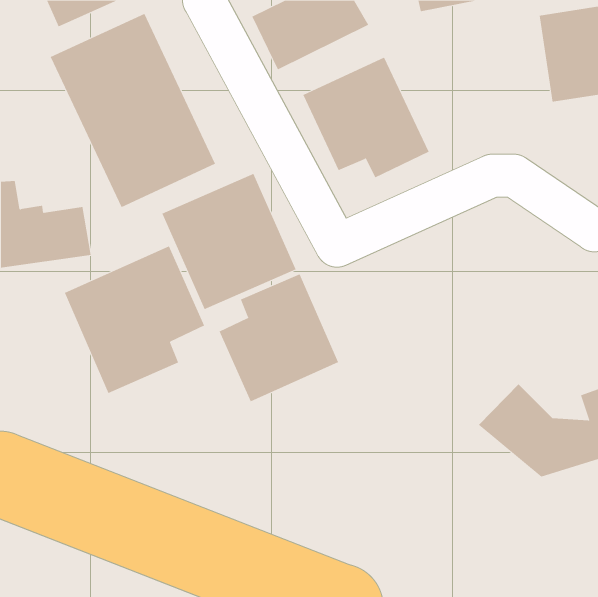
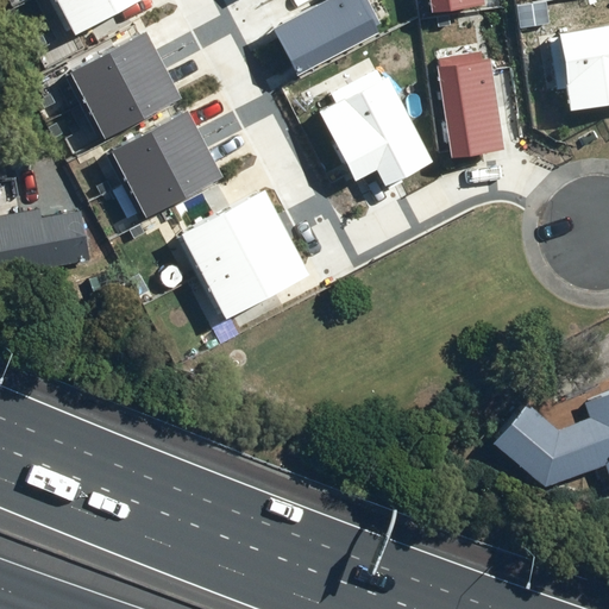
building: none -> [439,49,516,159]
building: [64,245,205,394] -> none
building: [219,273,339,402] -> none

